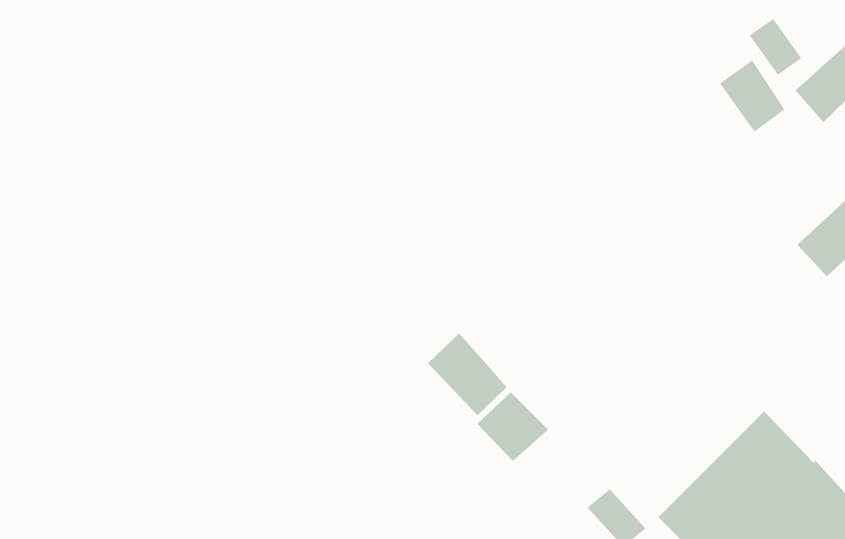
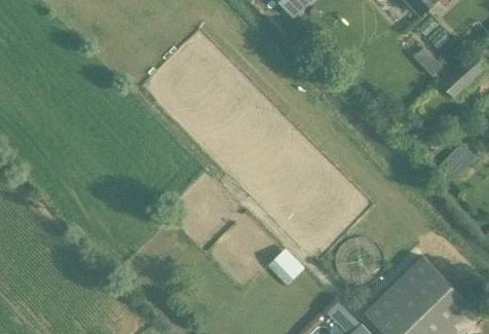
building: [719,59,785,132] -> none
building: [427,332,507,416] -> none

